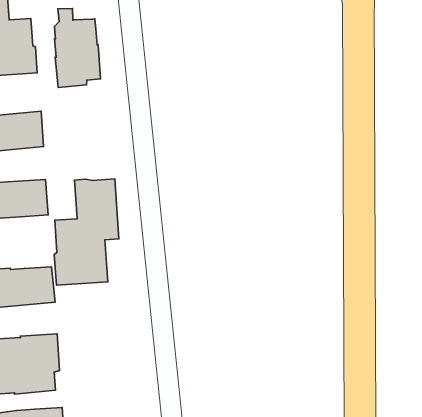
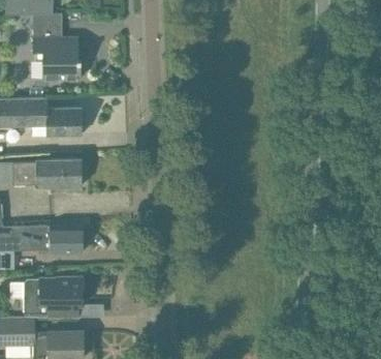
building: [54,9,100,88] -> none
building: [54,179,119,285] -> none

